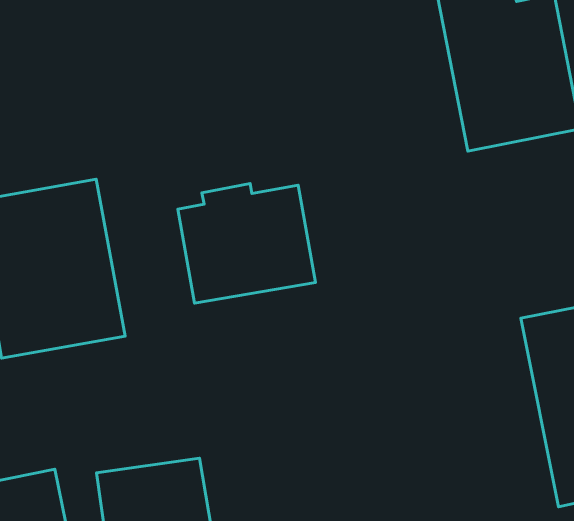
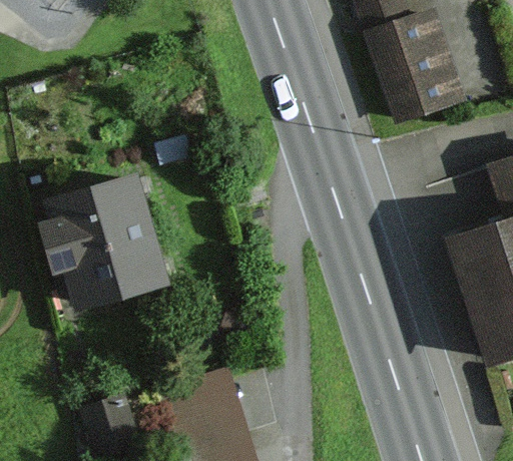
building: [178,183,315,303] -> none

